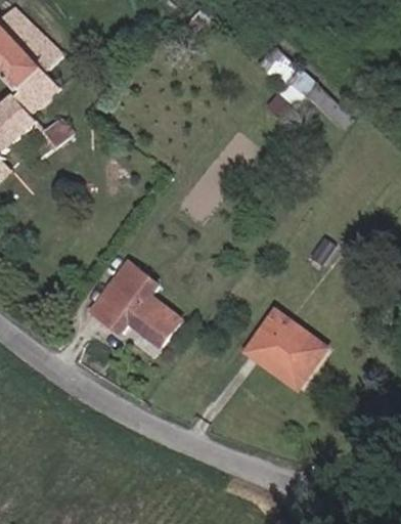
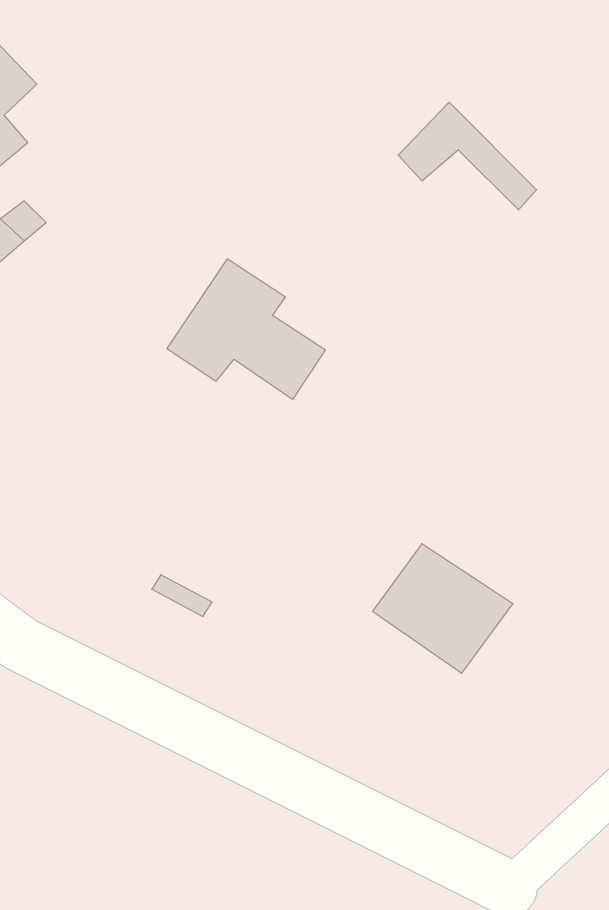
building: [89,262,178,341] -> [167,259,325,399]

